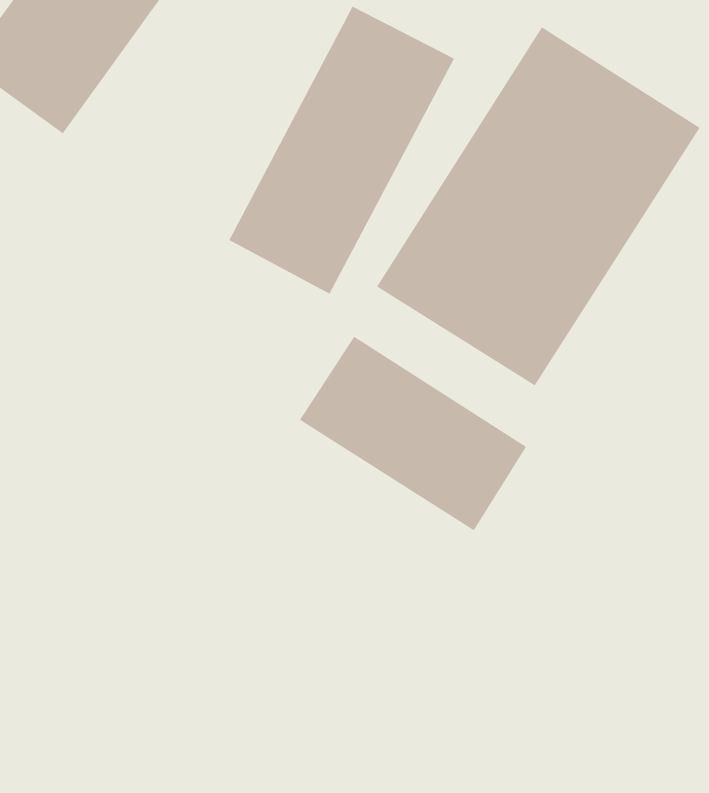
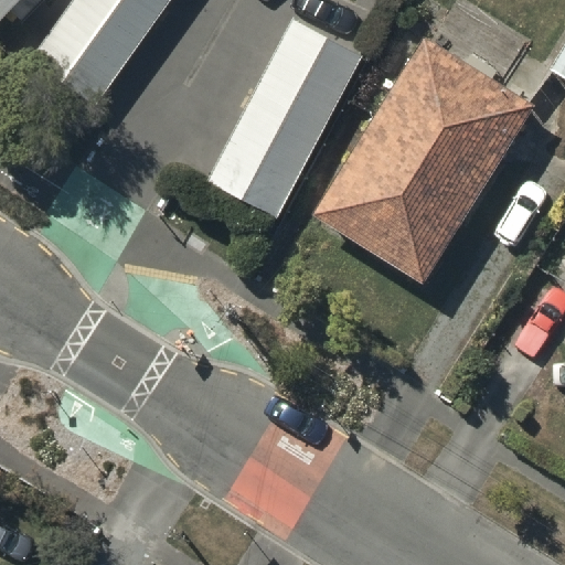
building: [299,336,527,531] -> none

